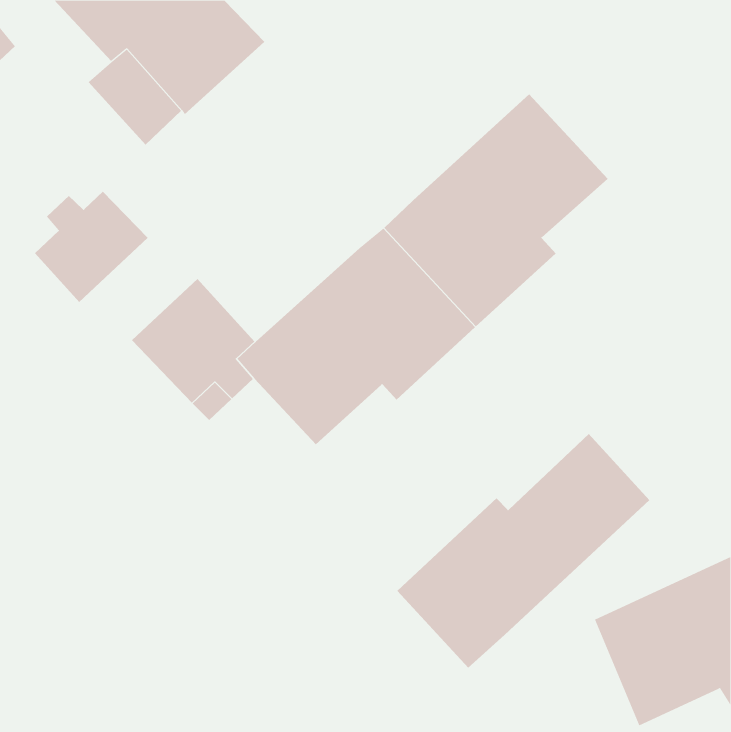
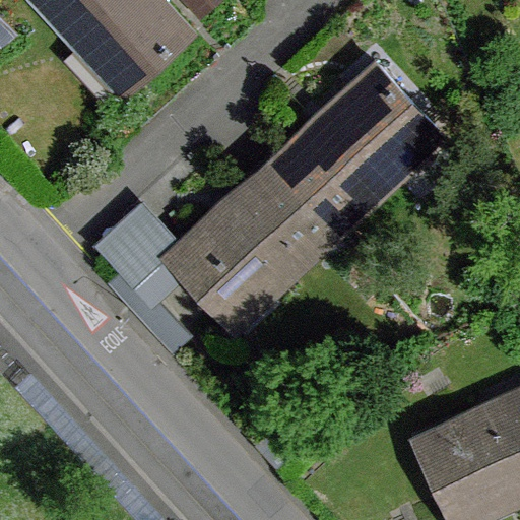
building: [34,191,149,303] -> none
building: [396,433,650,669] -> none

